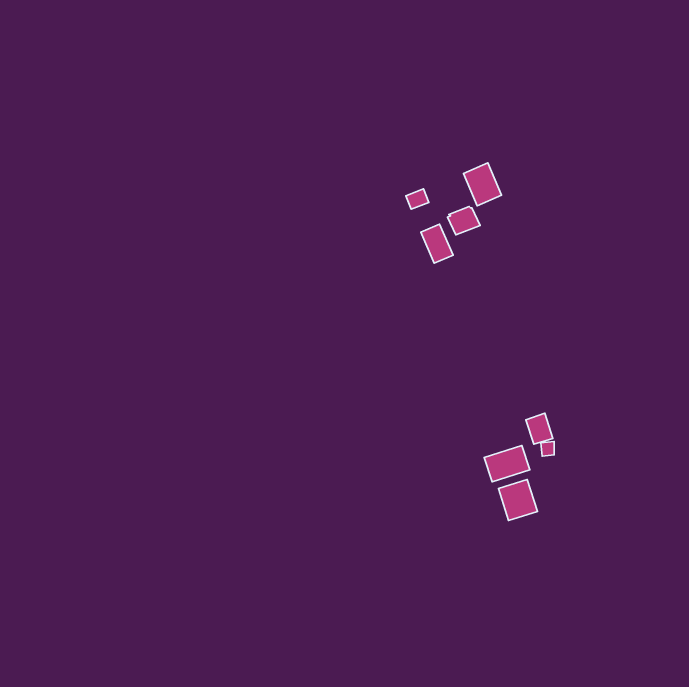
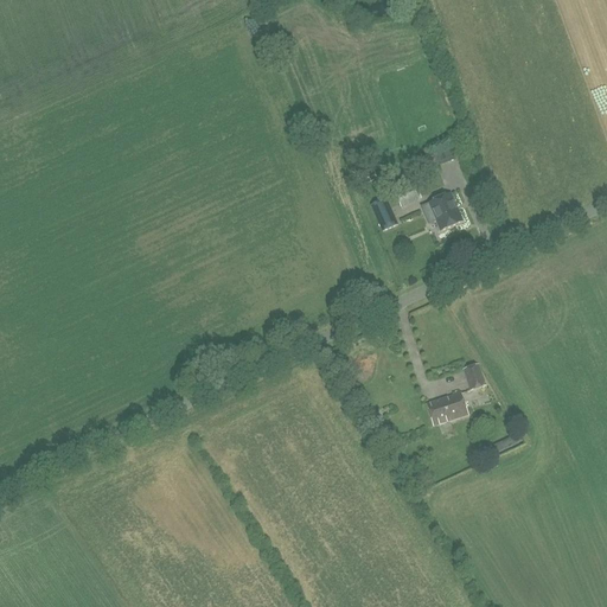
building: [464,163,501,206] -> [429,192,462,230]
building: [498,480,537,521] -> none

